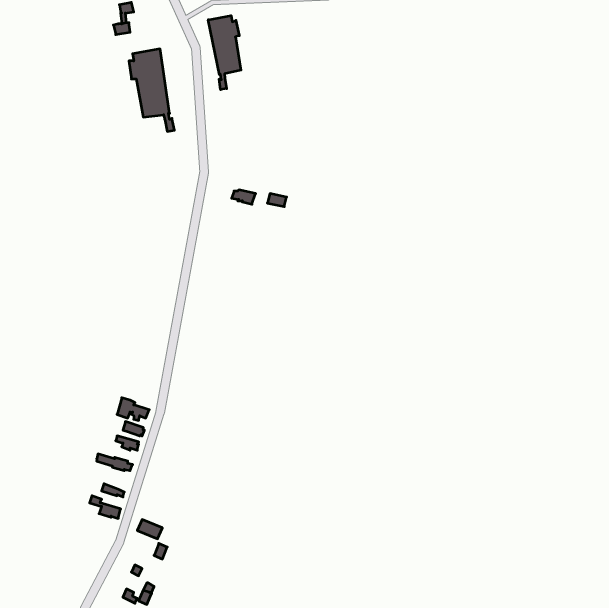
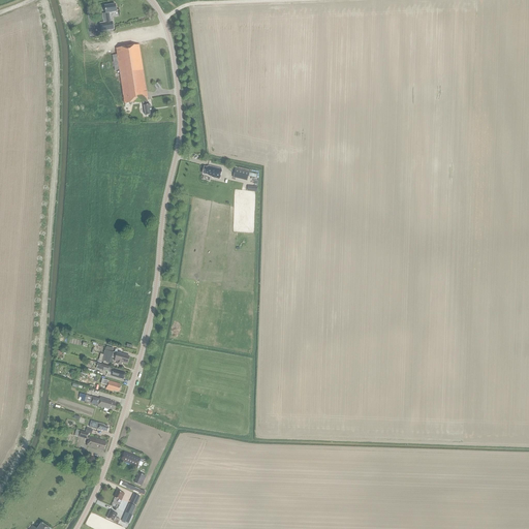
building: [208,16,241,90] -> none

